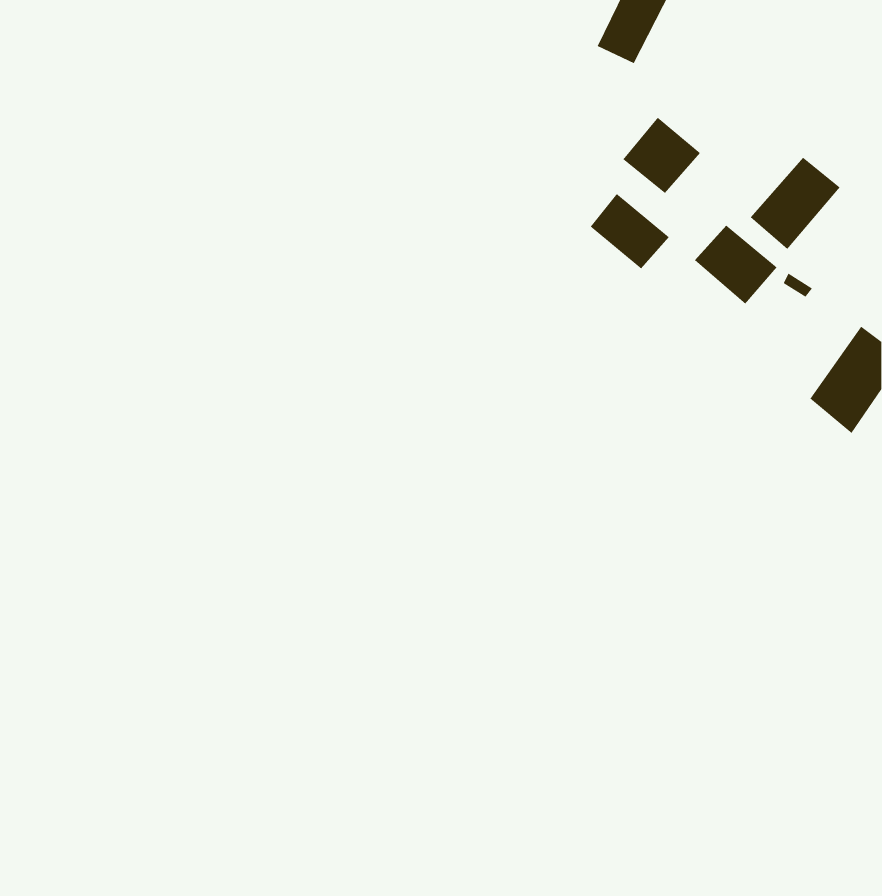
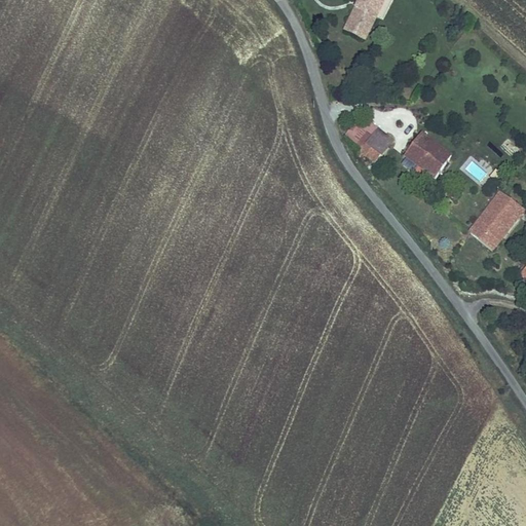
building: [622,117,701,194] -> none
building: [750,157,841,250] -> none

